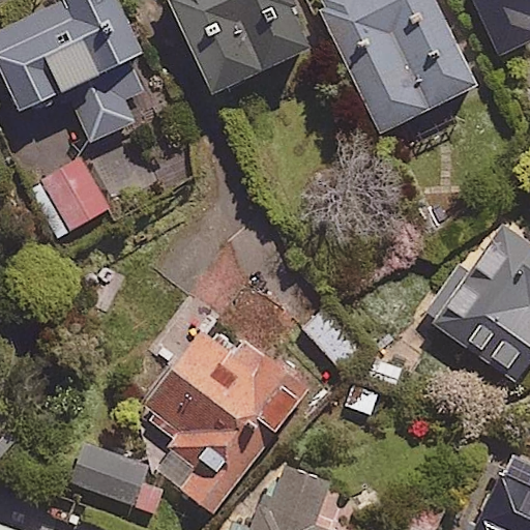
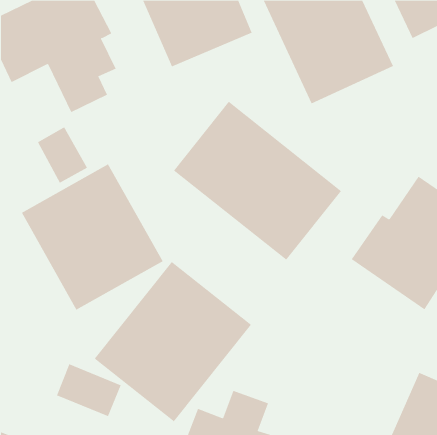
building: none -> [173,101,342,260]
building: none -> [21,164,163,311]

